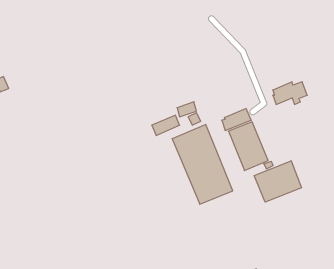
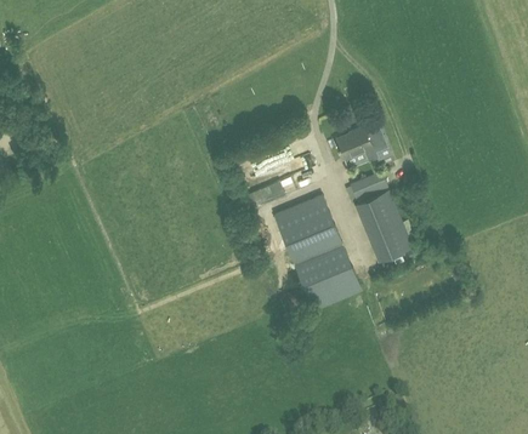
building: [273,82,307,104] -> [336,126,386,159]
building: [254,161,301,202] -> none

